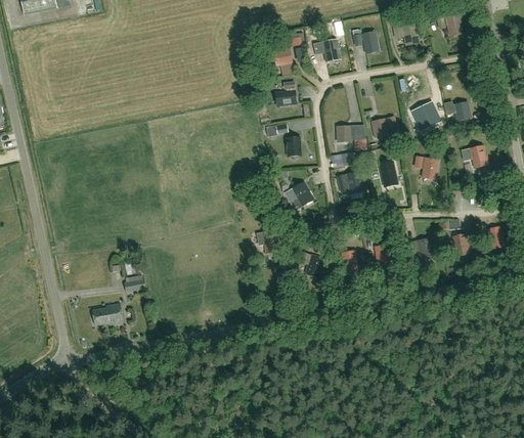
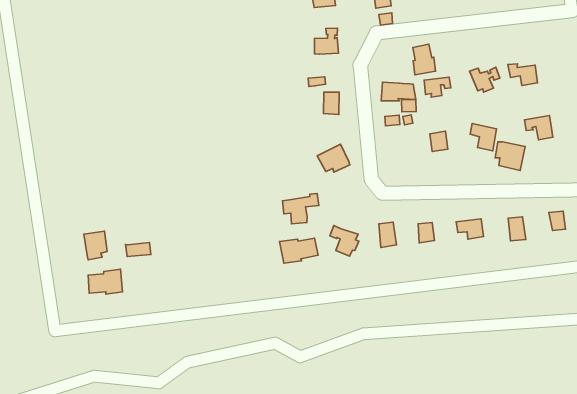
building: none -> [413,44,435,75]
building: none -> [495,142,525,170]
building: [337,172,362,193] -> none
building: none -> [280,238,318,263]
building: none -> [84,231,107,260]

